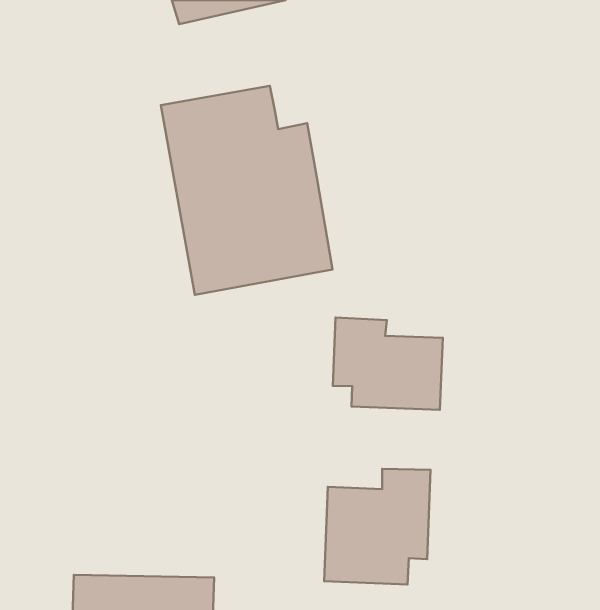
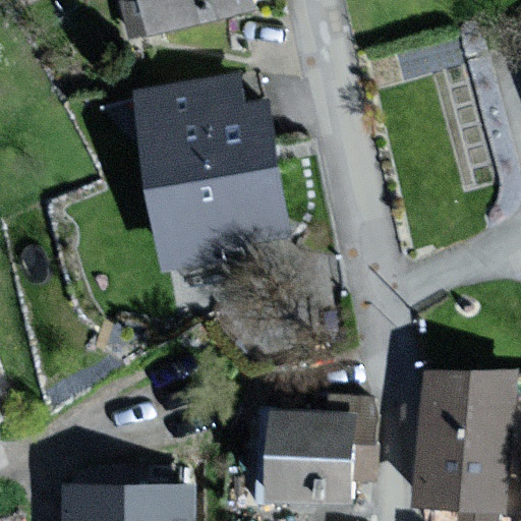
building: [333,317,443,410] -> none
building: none -> [414,374,501,508]

